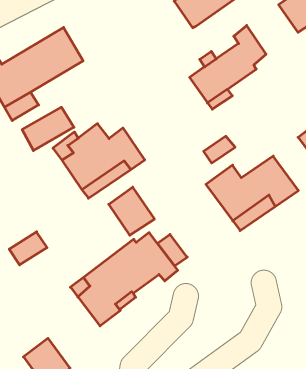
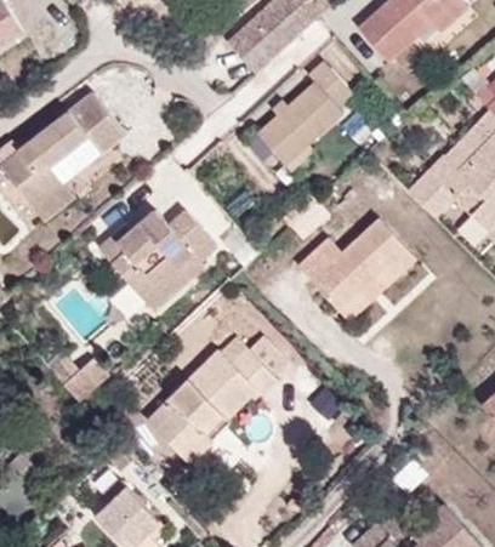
building: [22,107,74,151] -> none
building: [109,187,154,235] -> none

